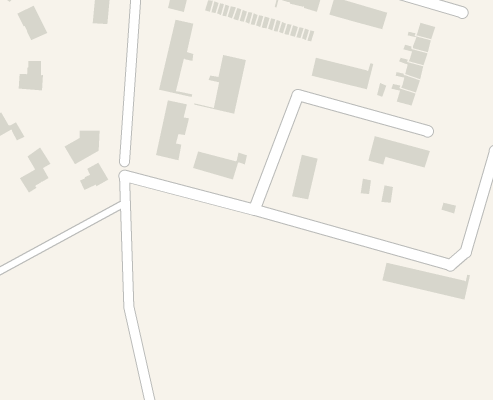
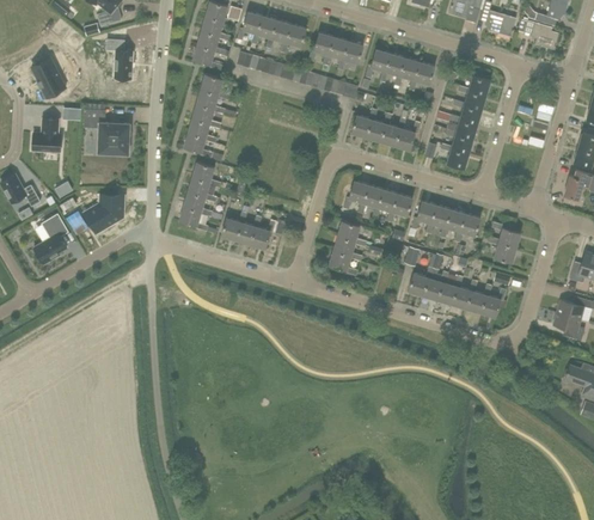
building: none -> [81,110,128,154]
building: [194,54,246,114] -> none
building: none -> [345,181,415,218]
building: none -> [488,224,522,264]
building: [79,162,109,191] -> none
building: [381,262,471,300] -> [408,275,506,317]

